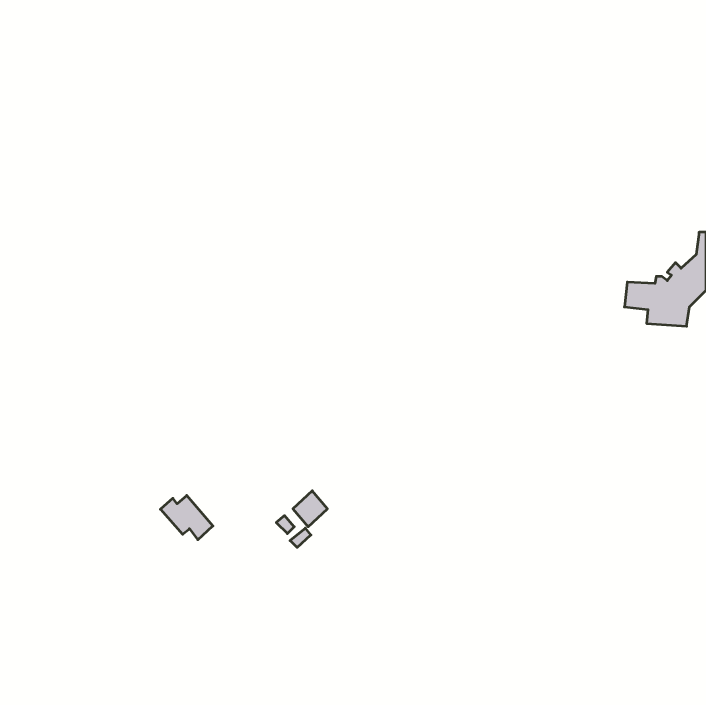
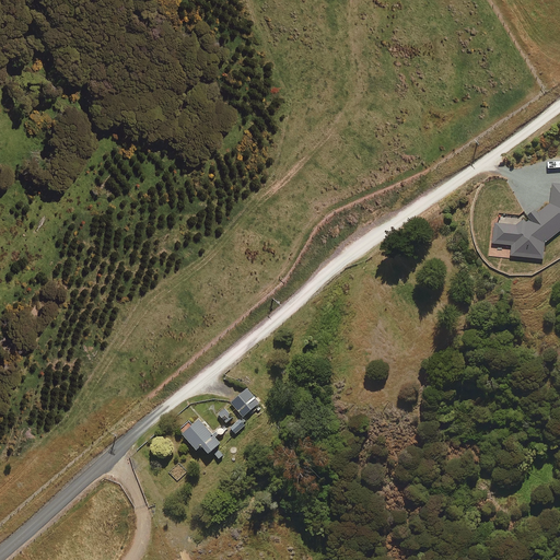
building: [160,495,213,540] -> [179,419,221,454]

